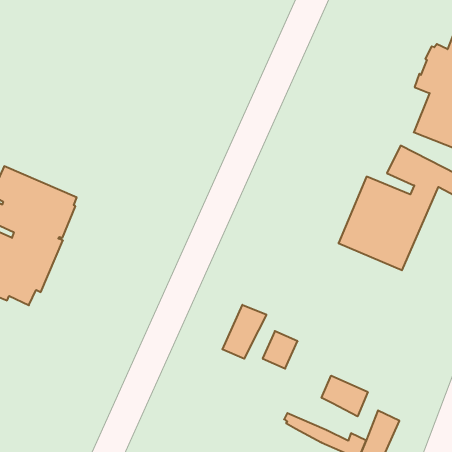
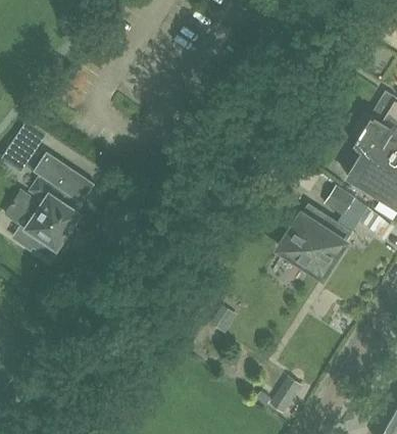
building: [222,305,266,359] -> none
building: [322,376,368,416] -> none

